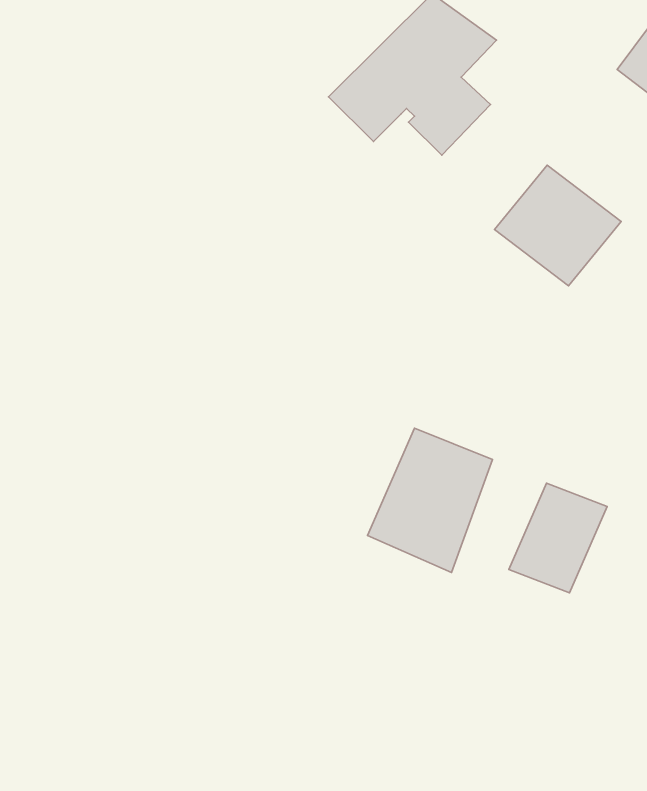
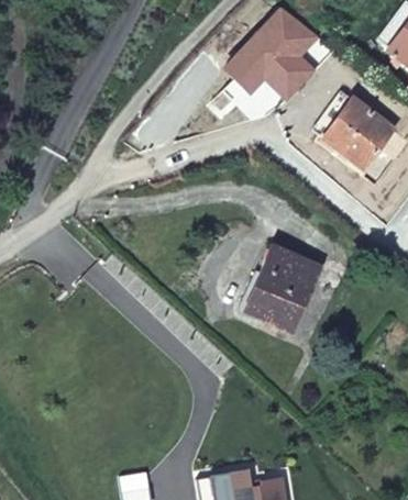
building: [509,483,607,593] -> none

